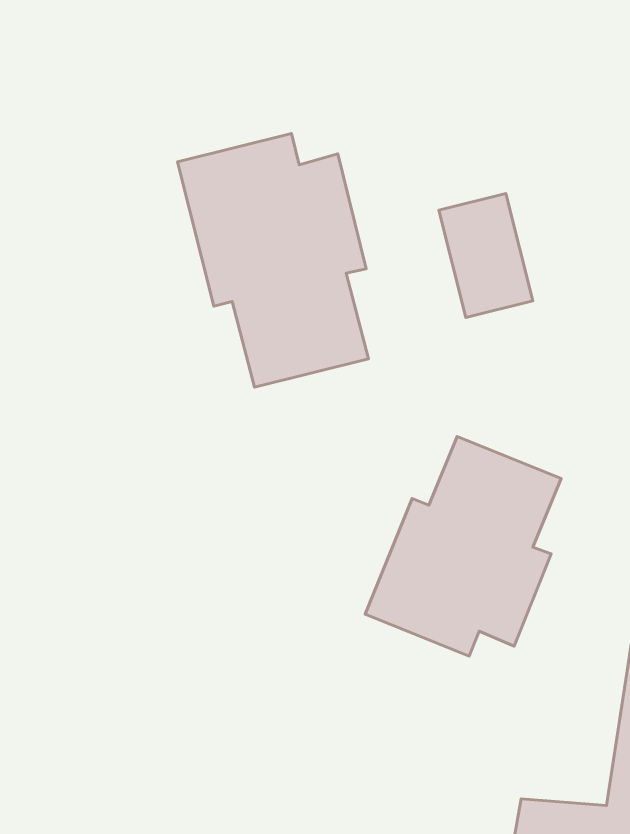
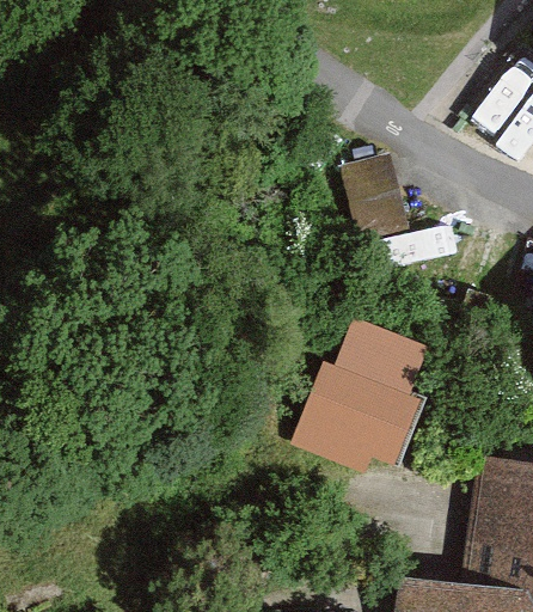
building: [178,133,368,387] -> none

